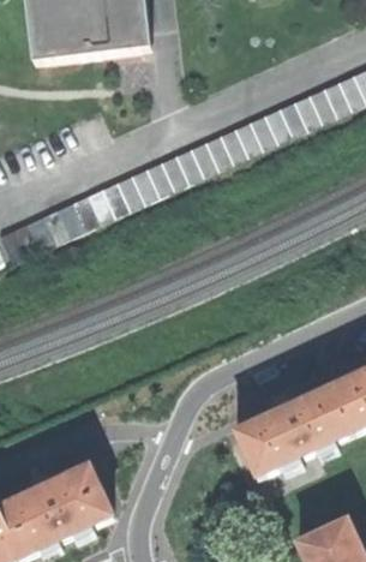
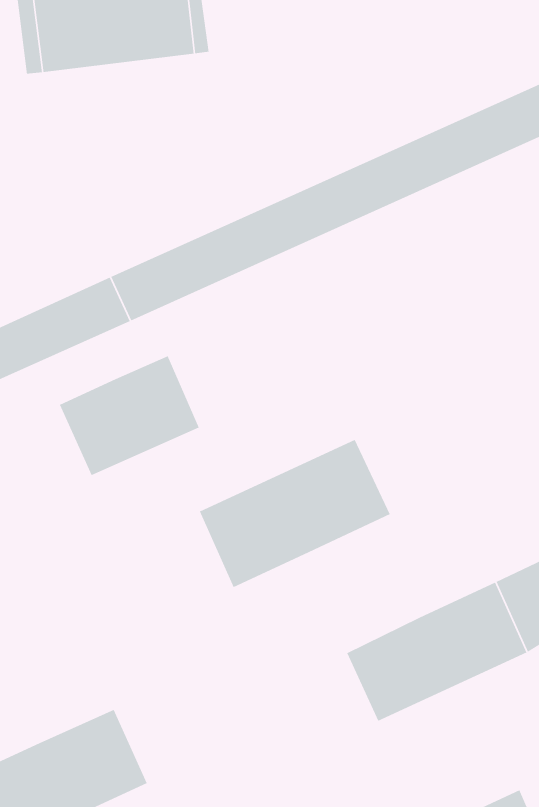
building: none -> [59,355,200,476]
building: none -> [199,439,391,588]

